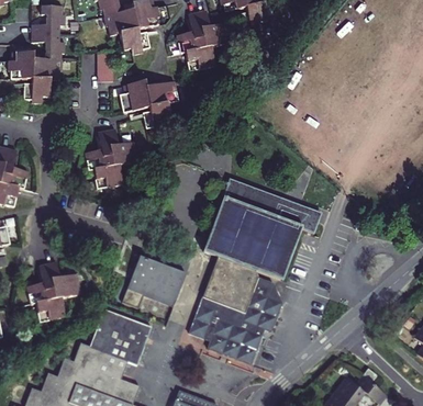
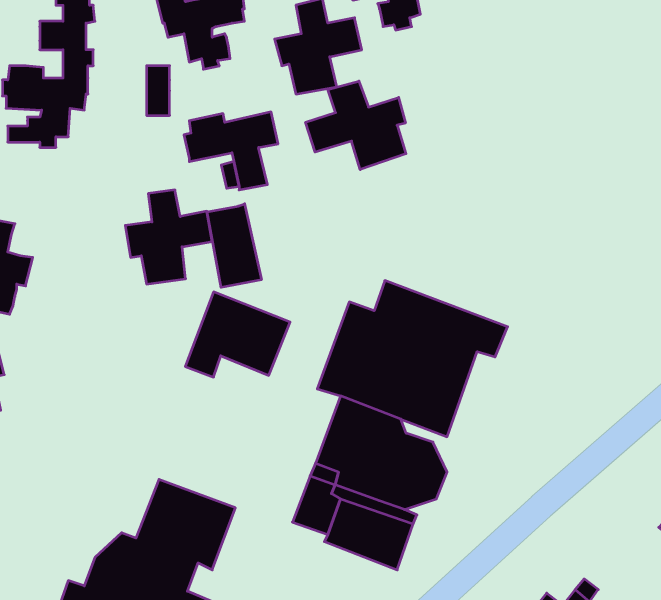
building: none -> [306,81,406,170]
building: none -> [207,204,261,287]
building: [121,252,186,305] -> [185,292,290,377]
building: [27,261,79,320] -> none

